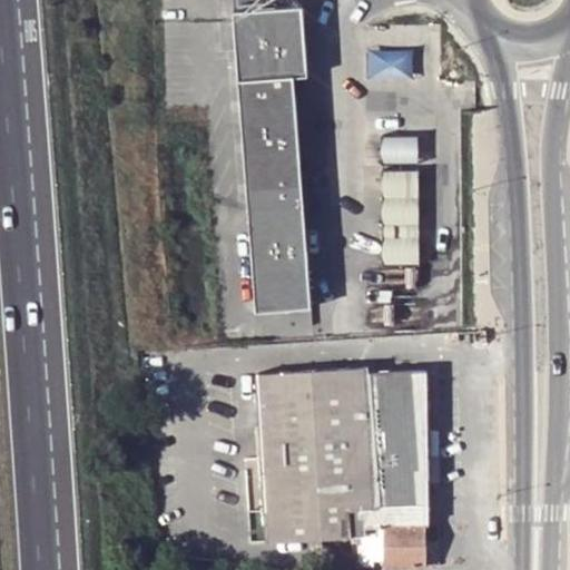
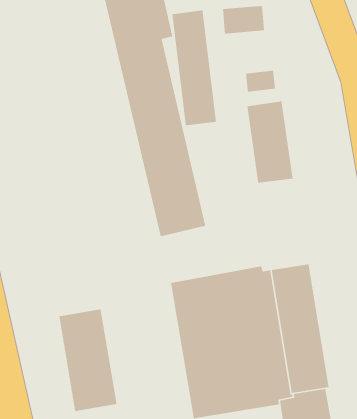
building: none -> [171,10,217,126]
building: none -> [58,309,117,412]

